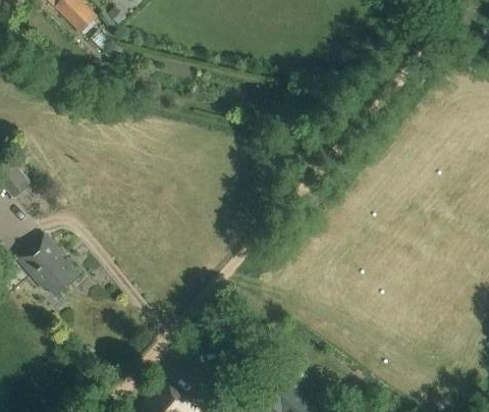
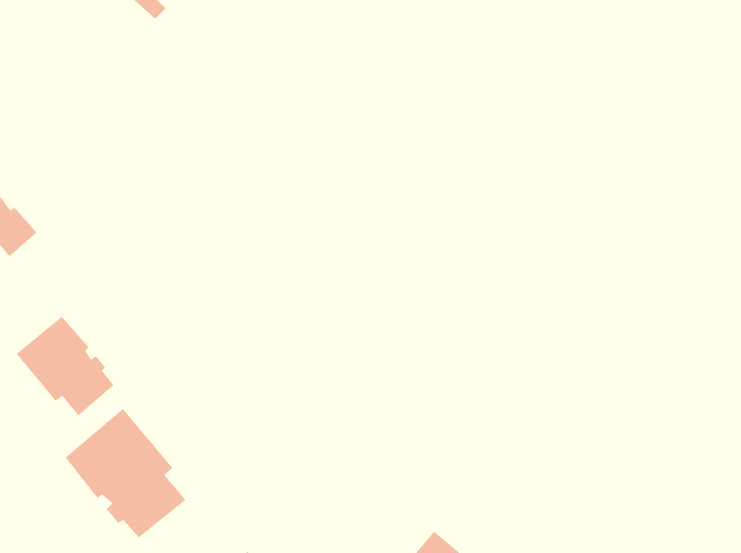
building: none -> [65,408,186,538]

